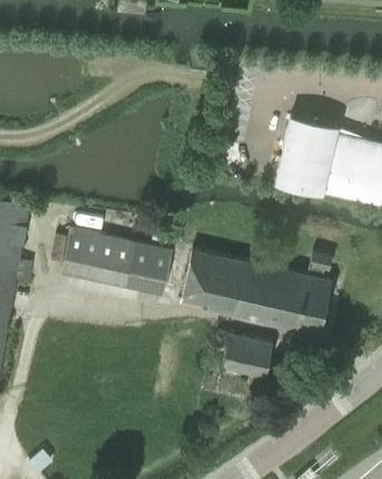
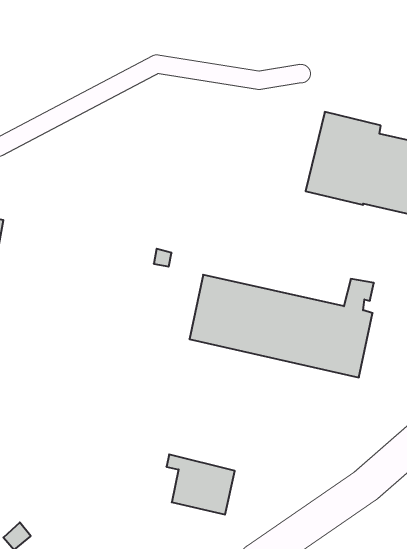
building: [63,226,172,285] -> none
building: [216,330,272,379] -> [166,454,235,515]

